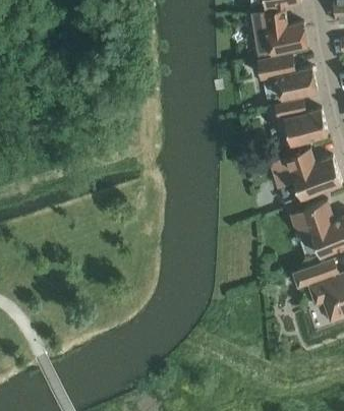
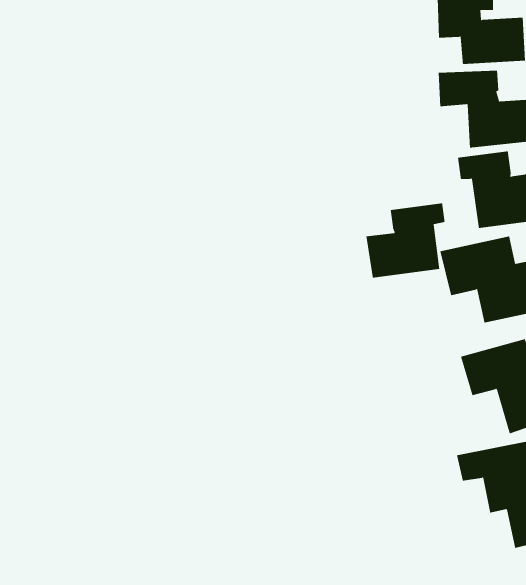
building: none -> [366,203,445,278]

